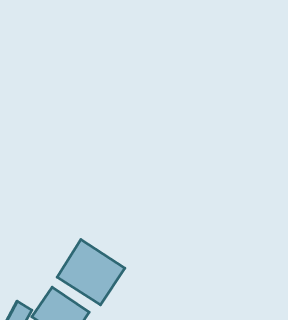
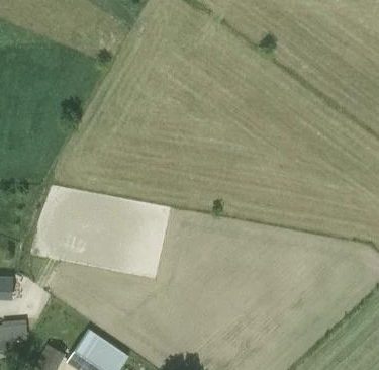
building: [57,239,125,305] -> none

